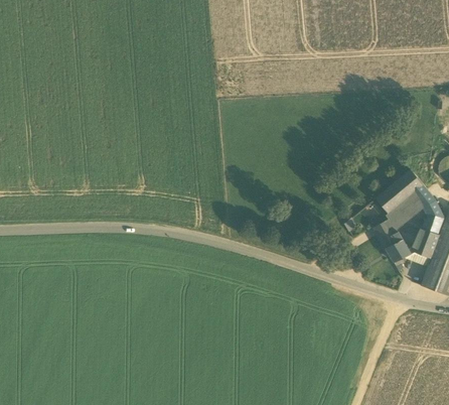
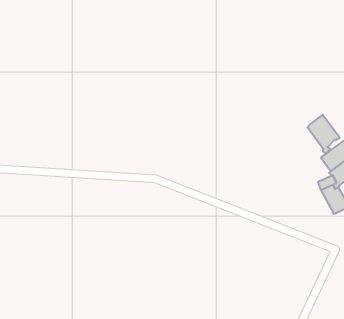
building: none -> [307,115,340,154]

